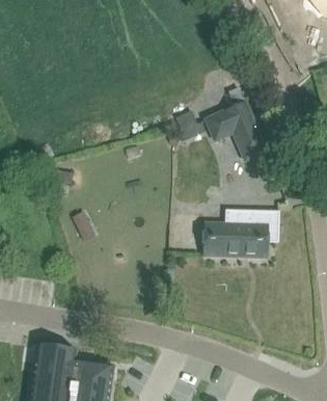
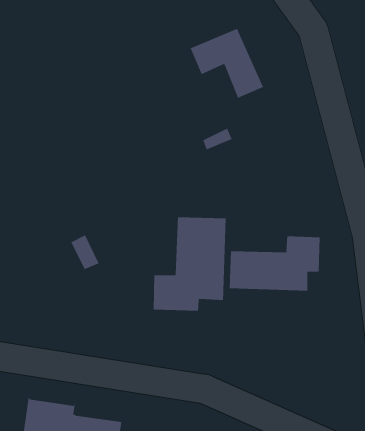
building: [206,101,267,159] -> [190,28,264,99]
building: none -> [153,216,226,311]

